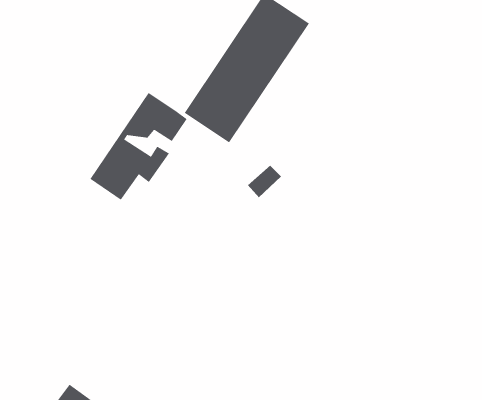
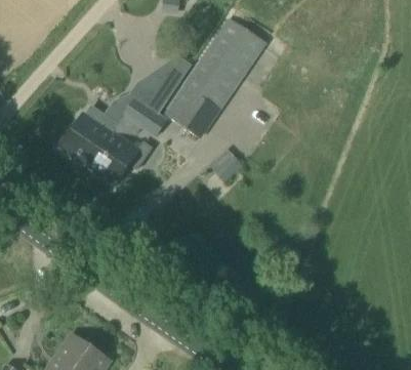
building: none -> [129,55,192,113]
building: none -> [57,105,118,167]

